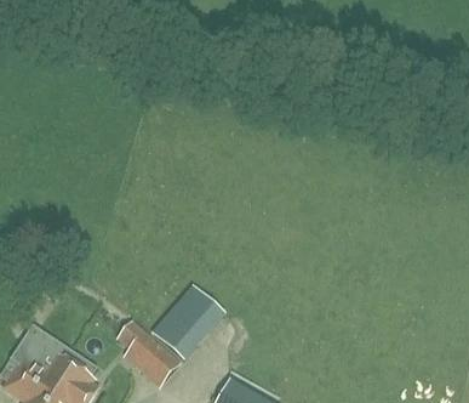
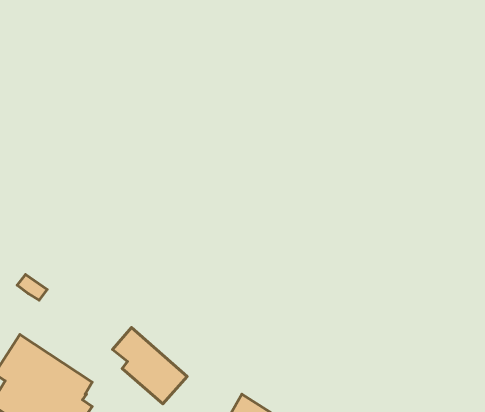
building: [153,285,224,359] -> none

